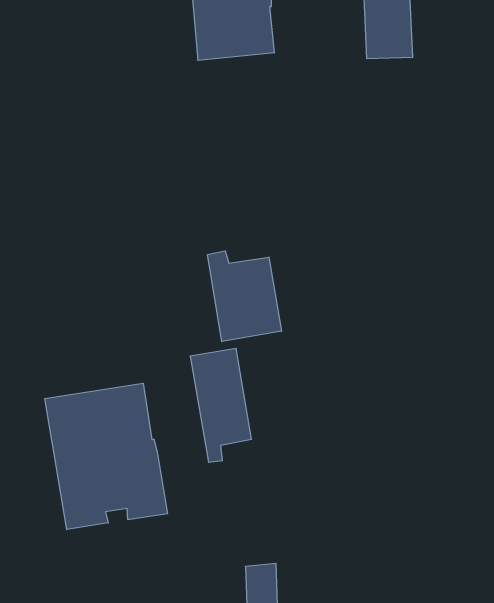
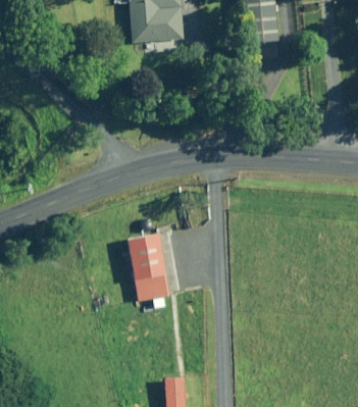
building: [208,251,282,342] -> none
building: [45,383,167,530] -> none

